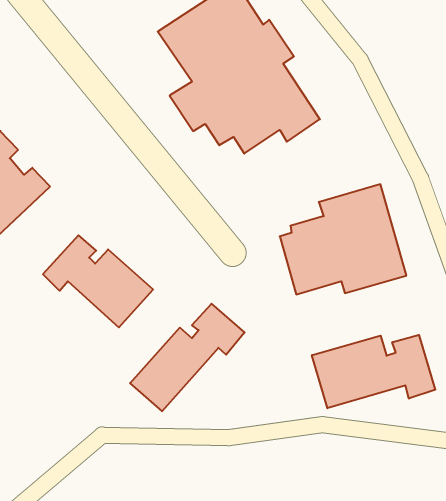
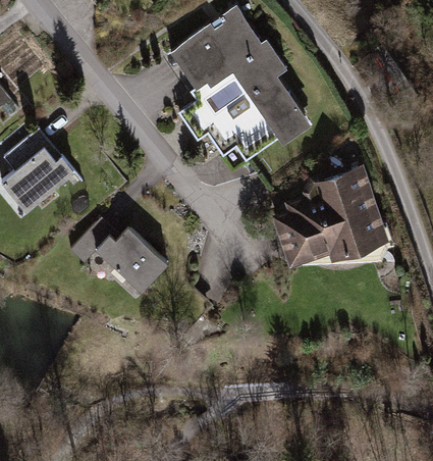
building: [130,304,245,411] -> none
building: [312,335,435,408] -> none

